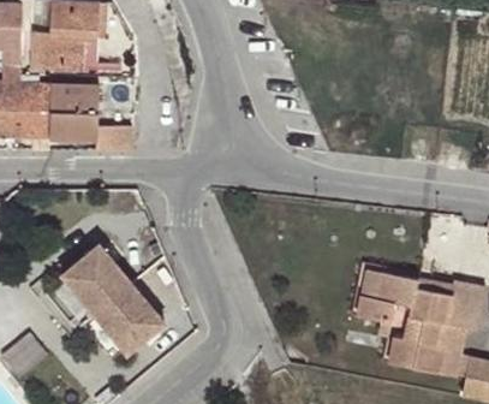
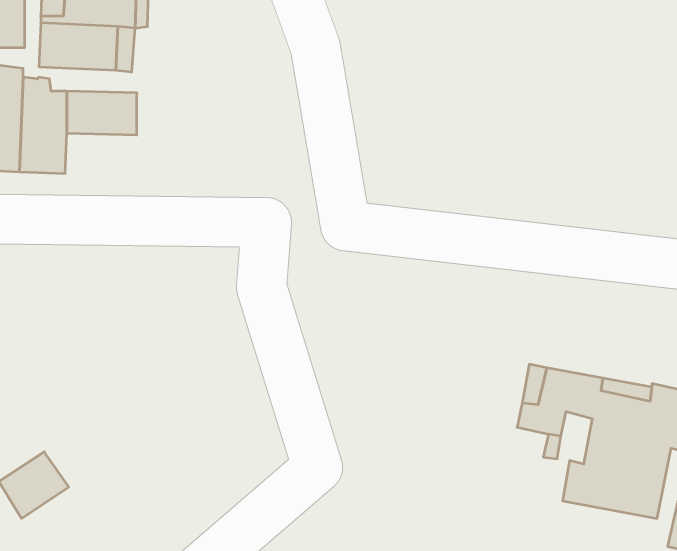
building: [49,112,132,152] -> none
building: [61,244,163,354] -> none

